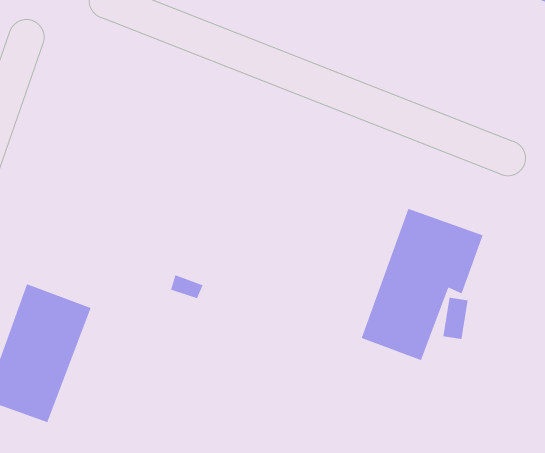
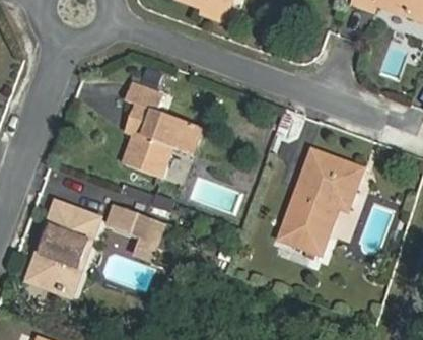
building: none -> [122,82,203,177]
building: none -> [102,203,162,261]

